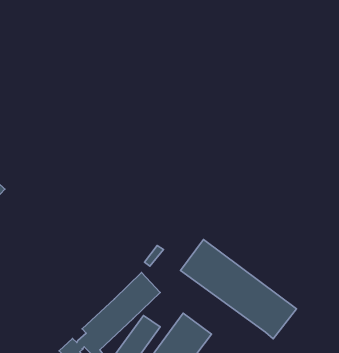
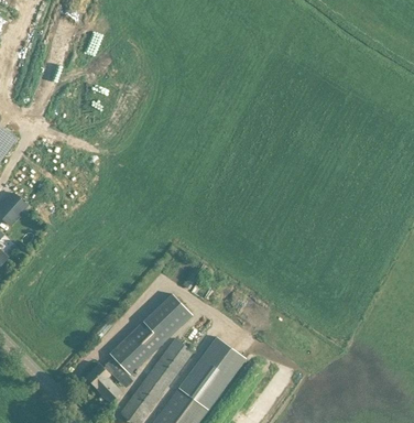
building: [181,239,297,339] -> none

